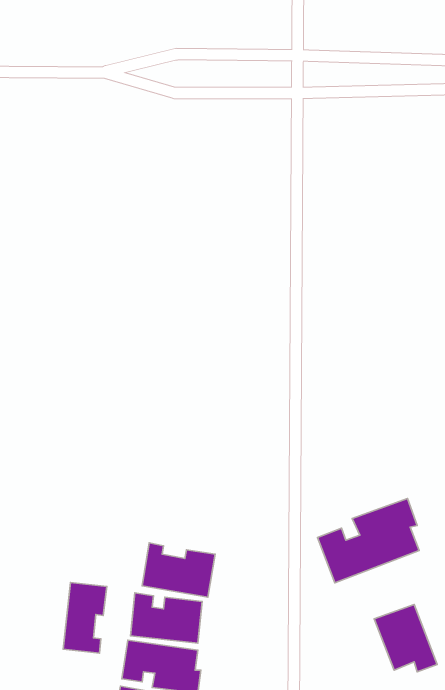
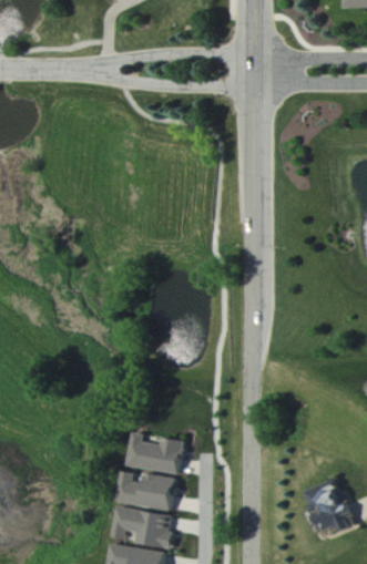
building: [317,499,419,583] -> none
building: [63,582,107,653] -> none

